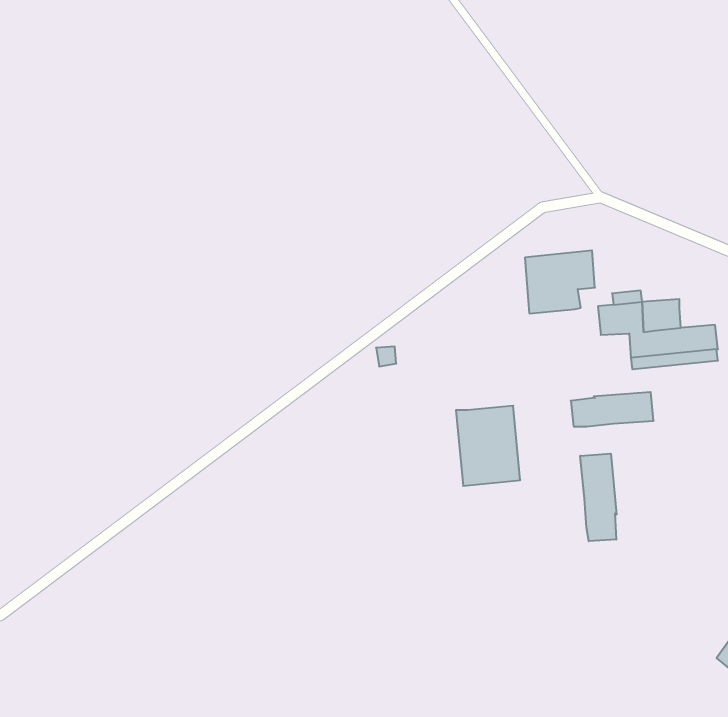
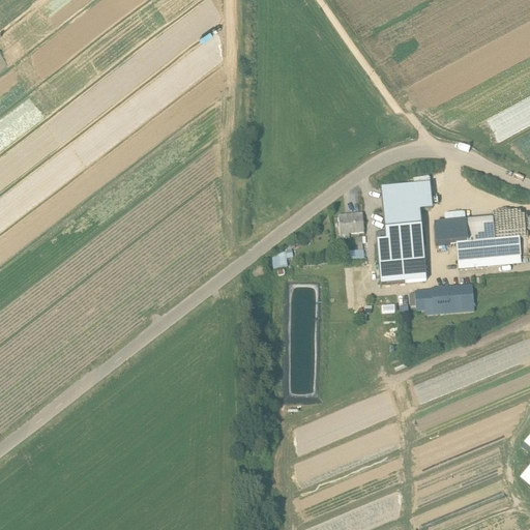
building: none -> [340,211,365,232]
building: [456,406,520,486] -> [377,224,423,282]
building: [580,454,617,541] -> none

